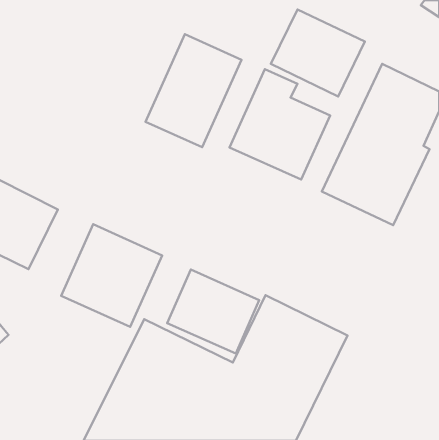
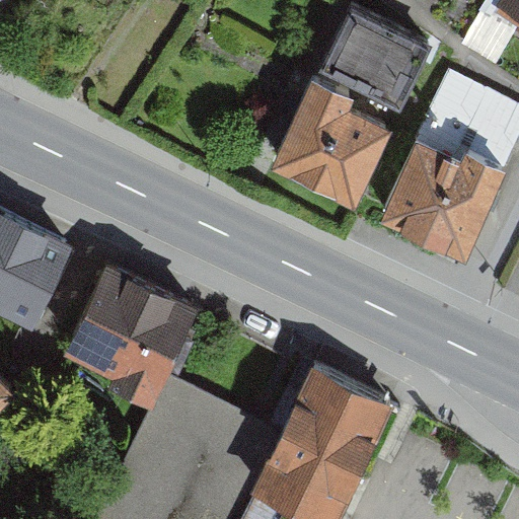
building: [146,34,241,147] -> none
building: [167,270,259,354] -> none

